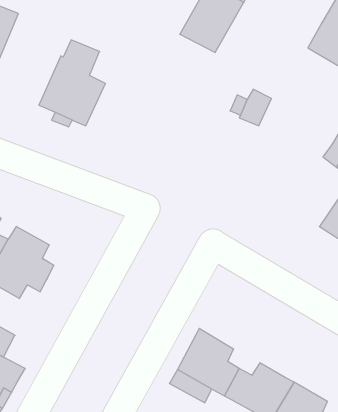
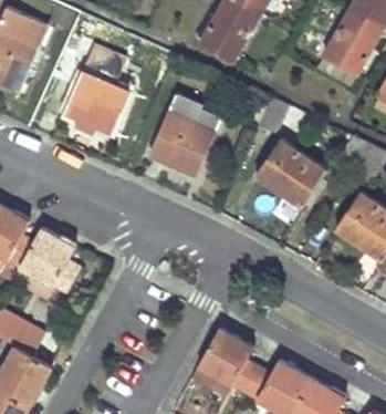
building: none -> [148,93,219,173]
building: none -> [254,137,325,206]

